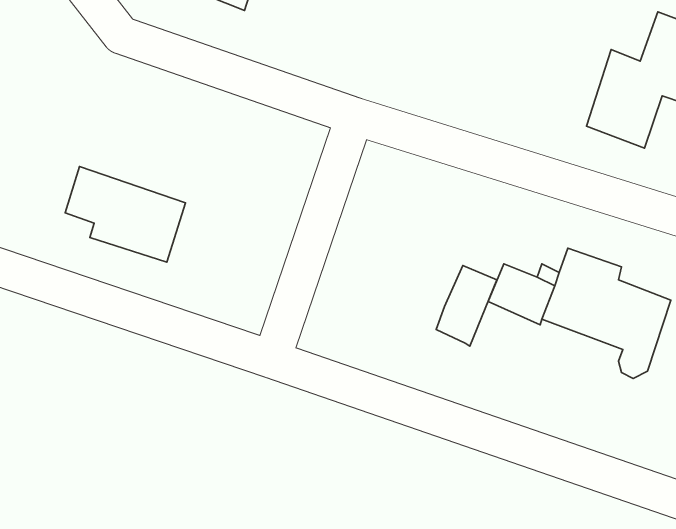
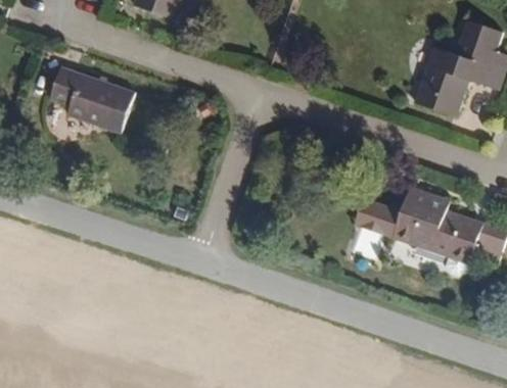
building: [65,167,186,262] -> [50,66,135,134]
building: [436,266,497,346] -> none

